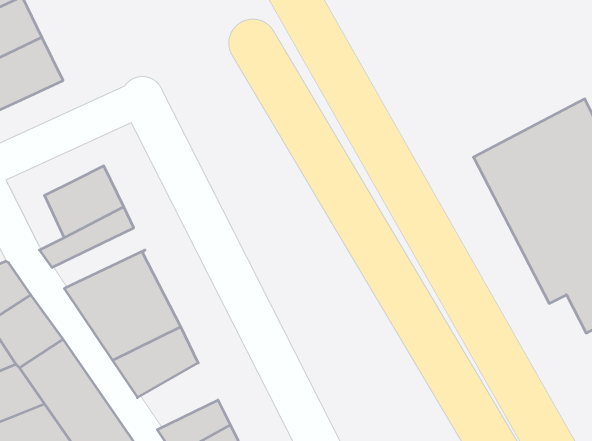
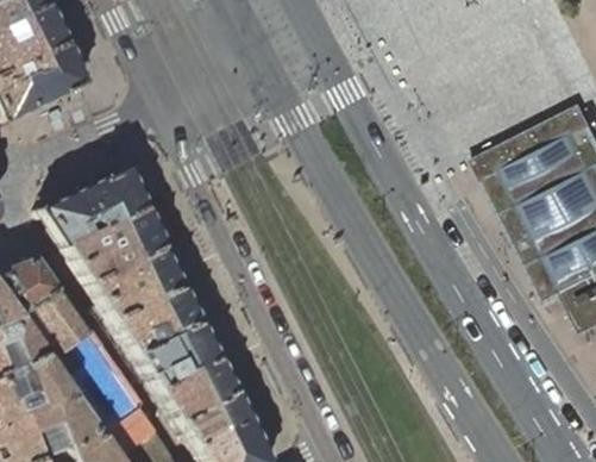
building: none -> [39,196,88,249]
building: none -> [76,227,165,286]
building: none -> [158,357,236,422]

